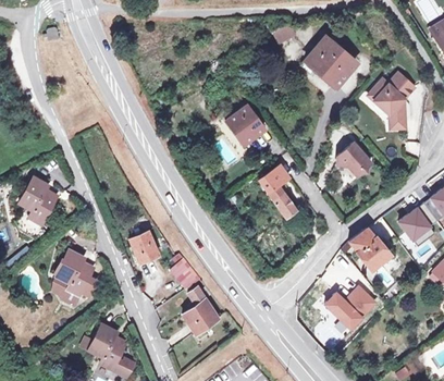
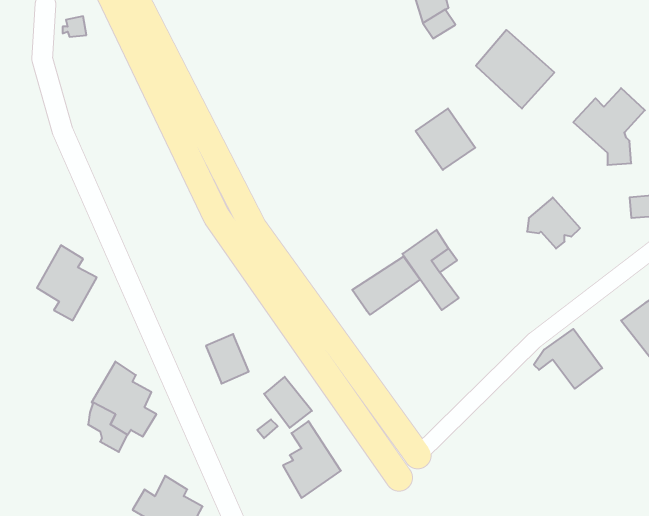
building: [225,106,263,145] -> [416,108,475,170]
building: none -> [352,256,420,315]
building: [324,286,374,328] -> none

